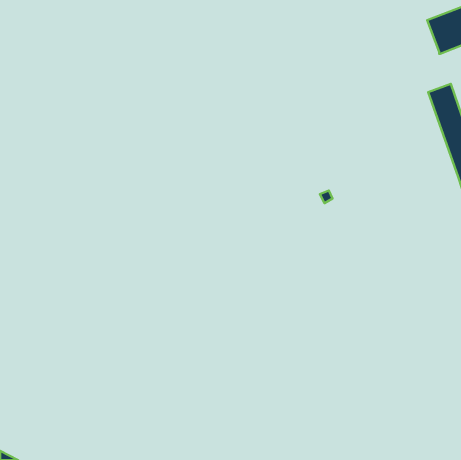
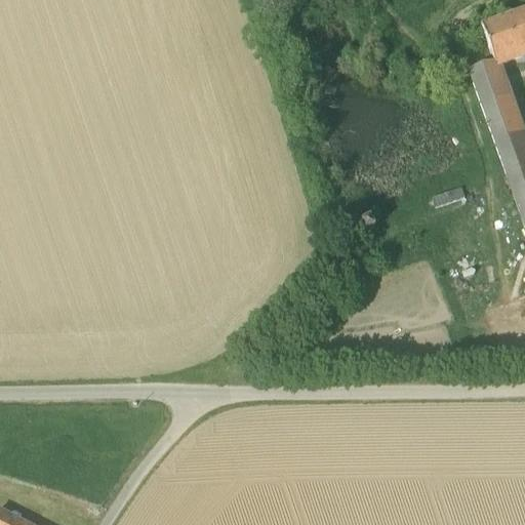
building: none -> [474,58,513,104]

